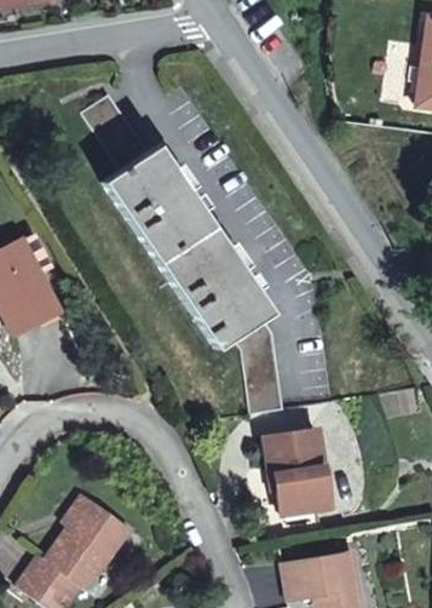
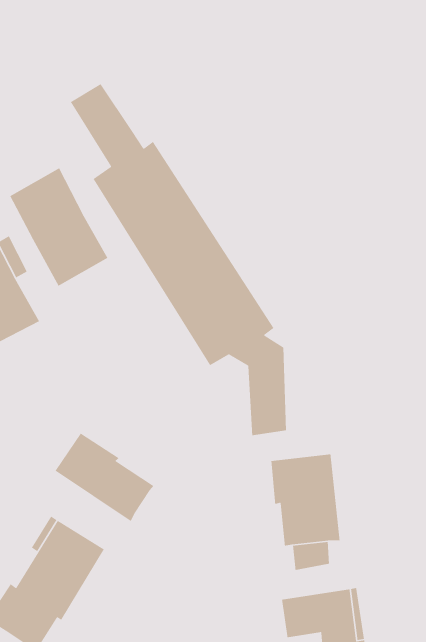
building: none -> [9,167,109,287]
building: none -> [54,432,155,522]

